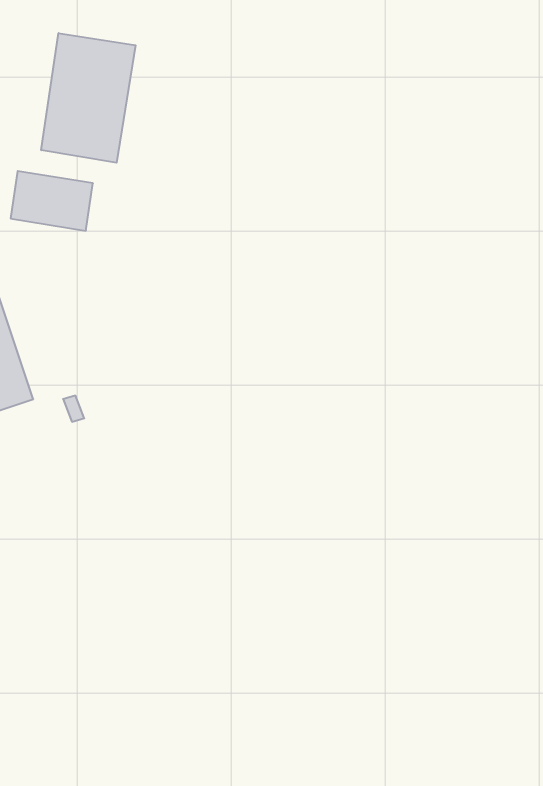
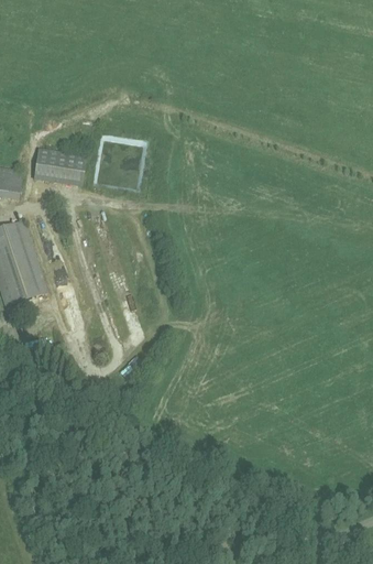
building: [41,33,136,163] -> none

